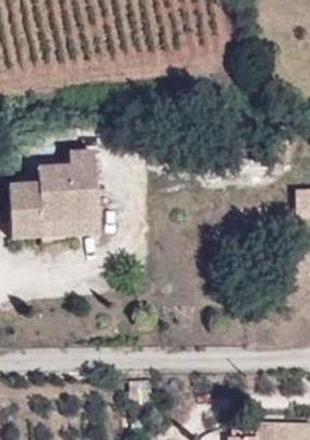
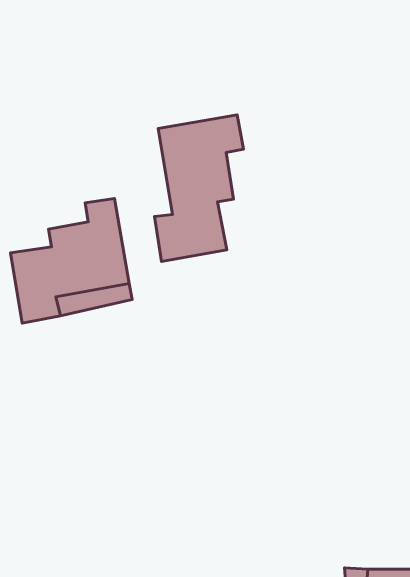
building: none -> [155,115,244,261]

